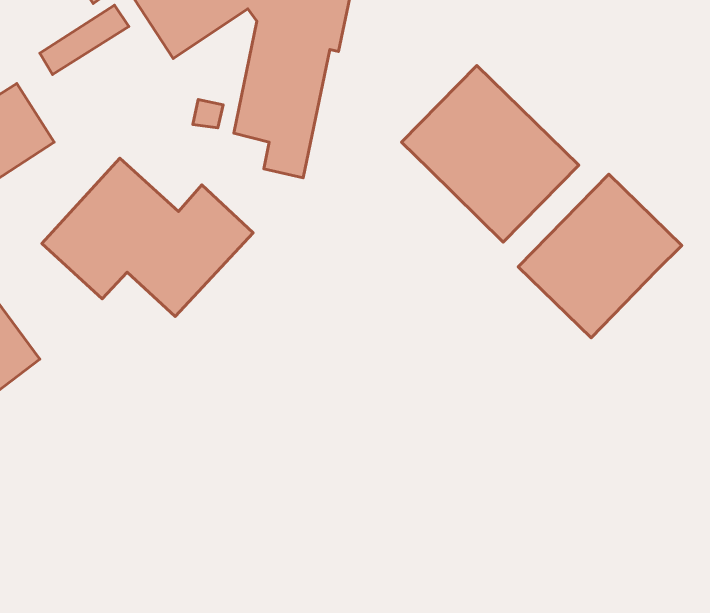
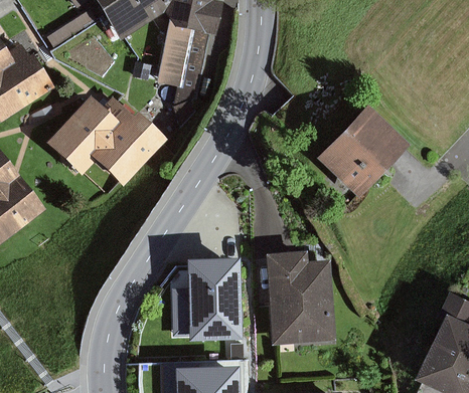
building: [401,65,579,242] -> none
building: none -> [264,250,333,345]
building: none -> [167,255,242,344]

